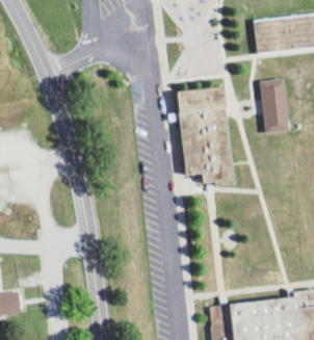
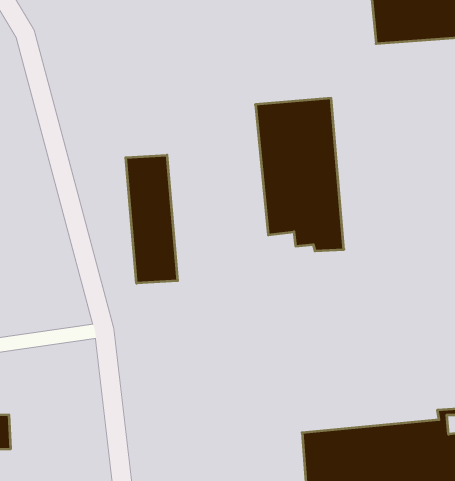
building: [260,80,287,133] -> none
building: none -> [126,155,178,283]

